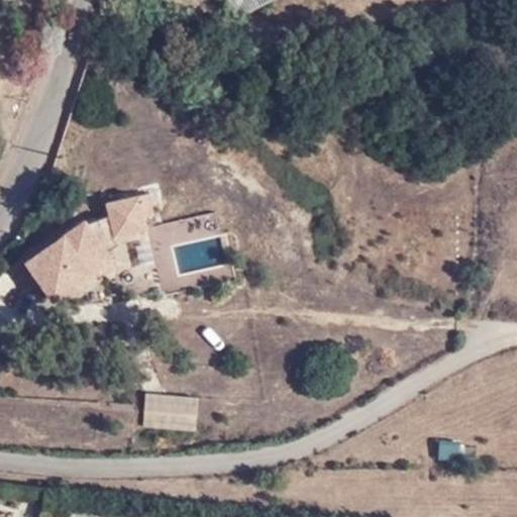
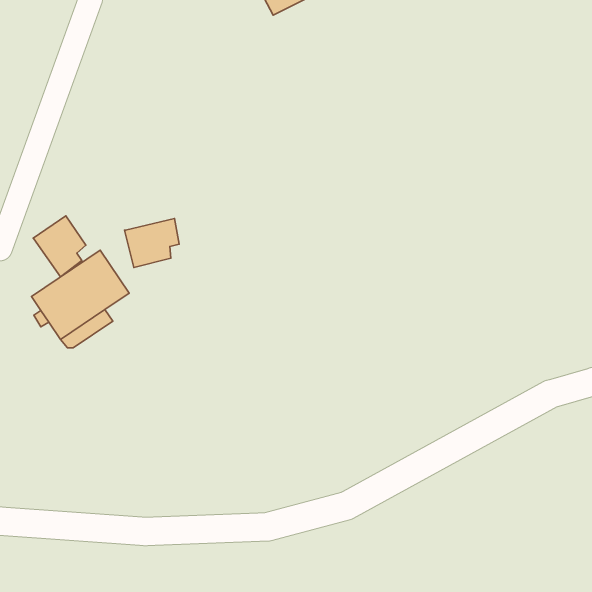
building: none -> [33,216,86,277]
building: [146,397,196,430] -> none

